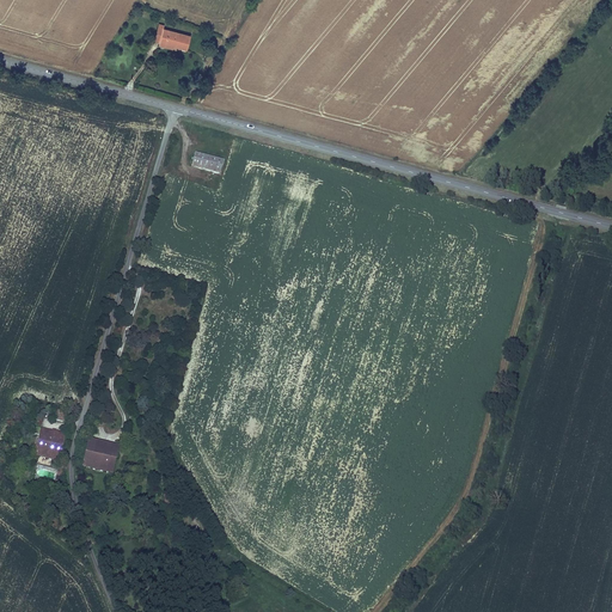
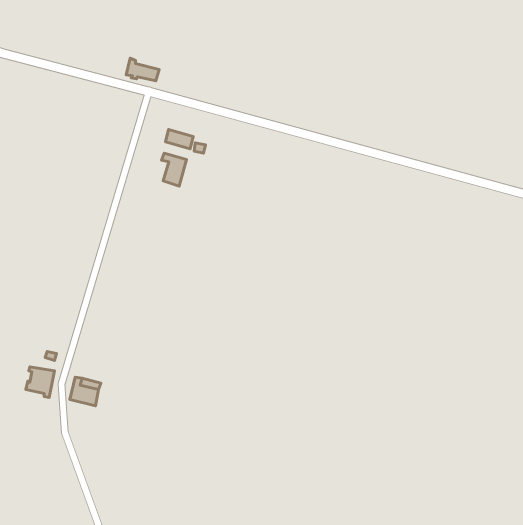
building: [153,23,191,49] -> [126,58,159,81]
building: none -> [162,153,187,186]

